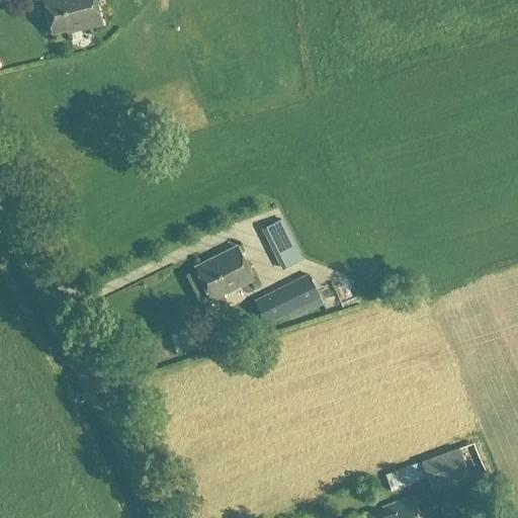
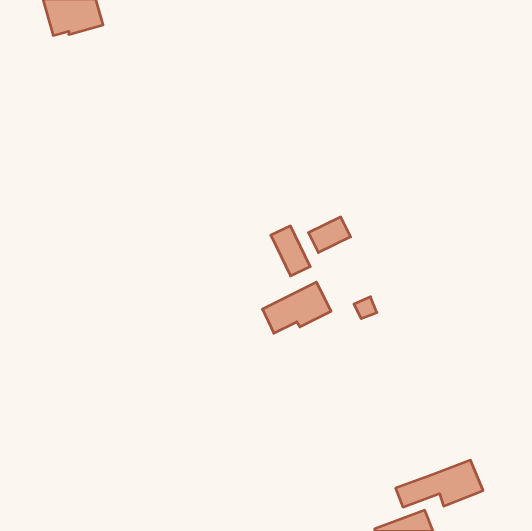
building: none -> [308,217,351,253]
building: [195,247,252,299] -> none

